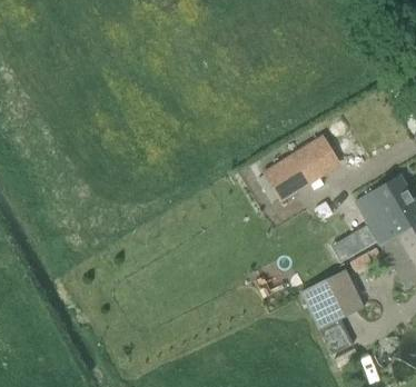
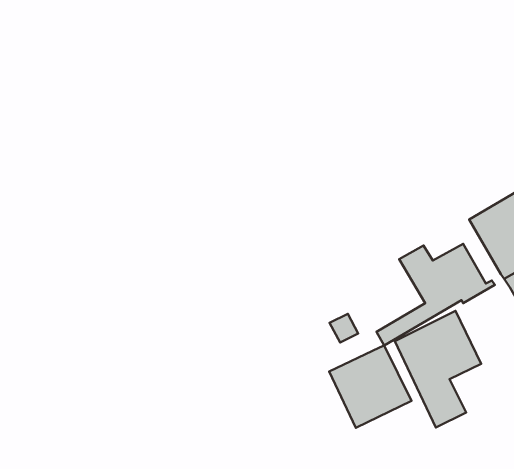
building: [267,137,339,198] -> none
building: none -> [329,346,411,428]

